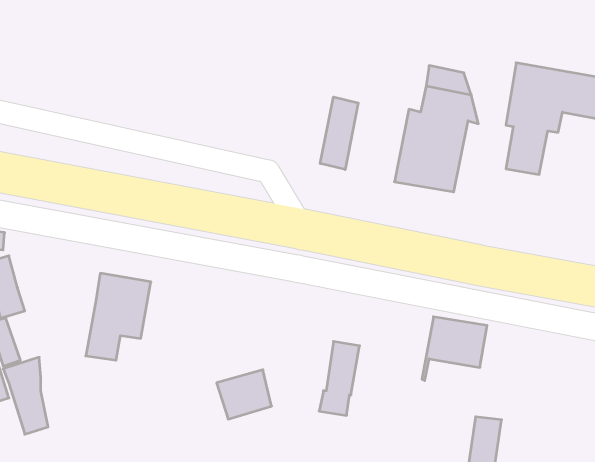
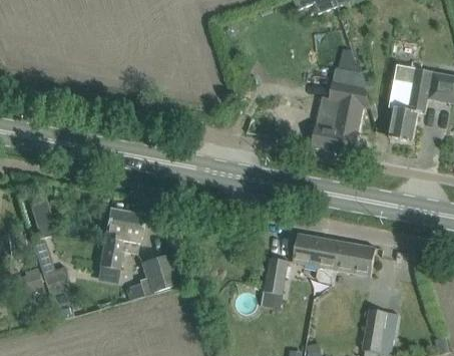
building: [320,97,358,170] -> none
building: none -> [293,231,339,282]
building: [217,370,272,419] -> [143,254,181,288]

